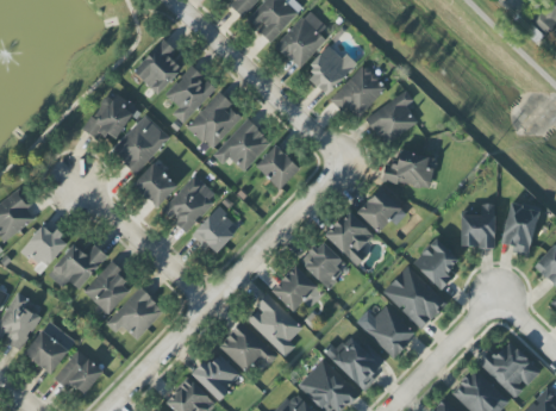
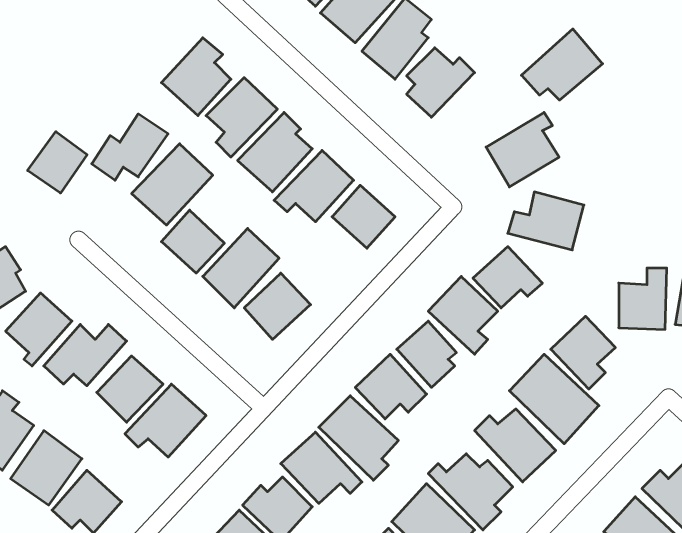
building: [329,66,387,117] -> [521,29,603,100]
building: none -> [28,132,87,193]

